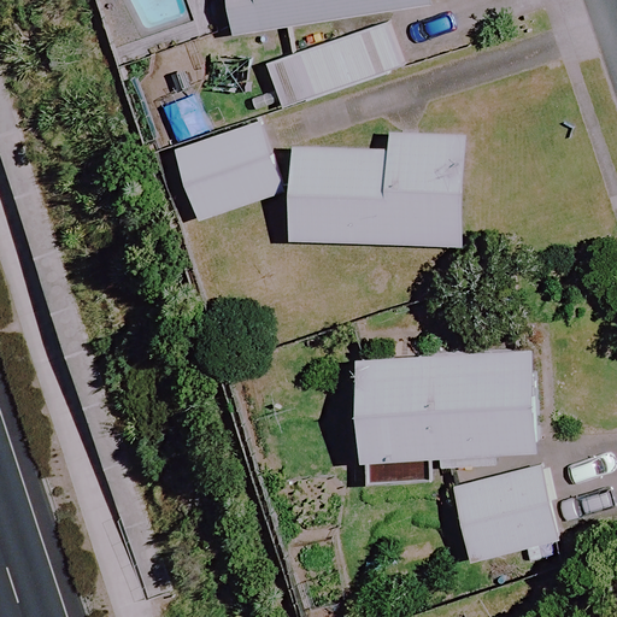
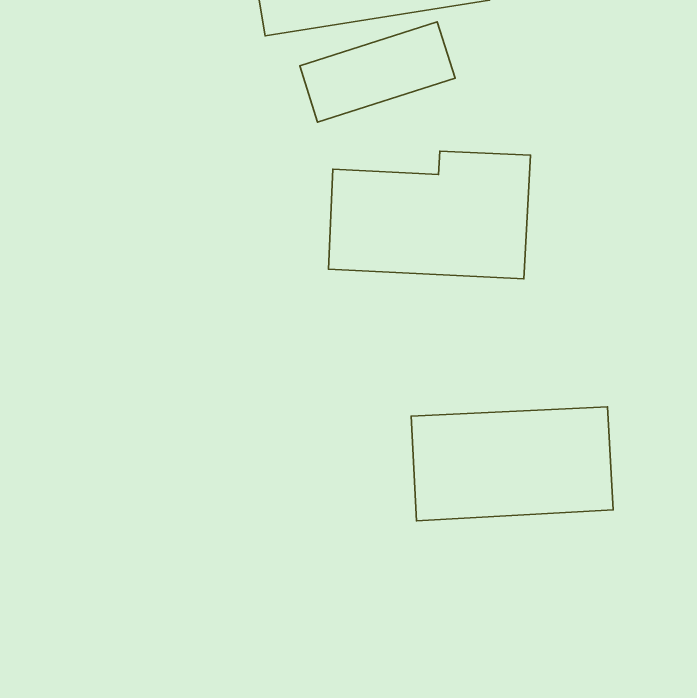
building: [175,125,280,218] -> none
building: [452,469,554,557] -> none

